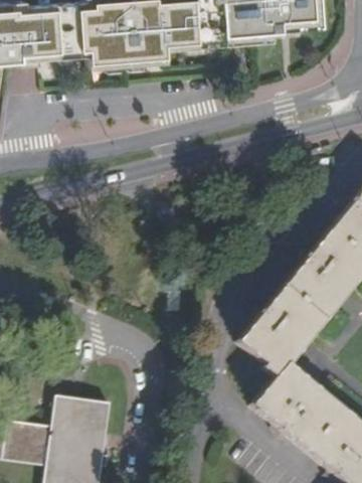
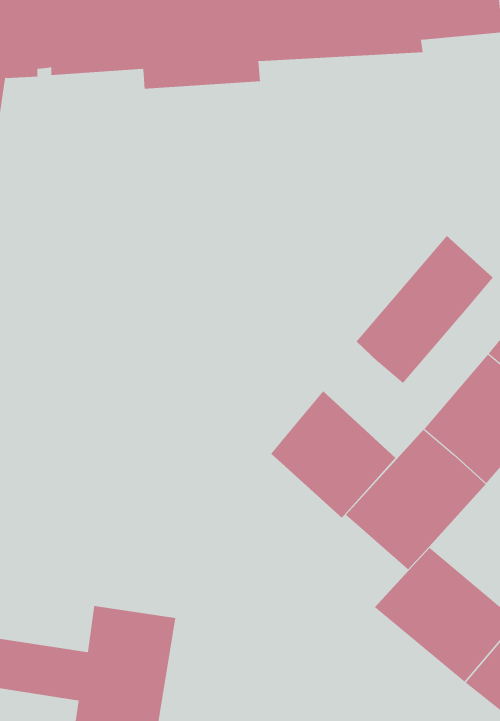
building: none -> [356,235,494,384]
building: none -> [270,391,396,519]

